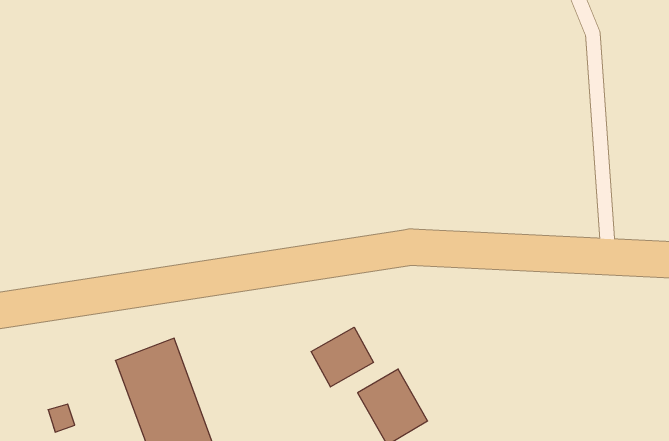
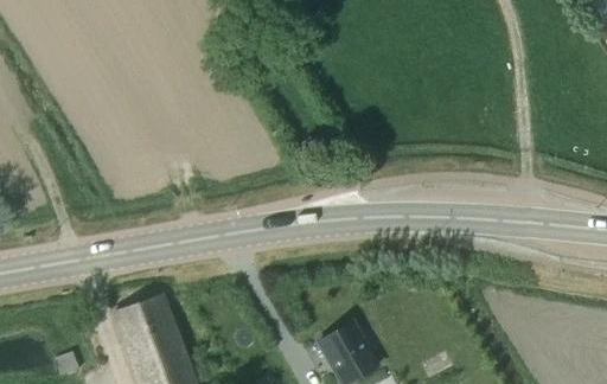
building: [311,327,373,387] -> none

